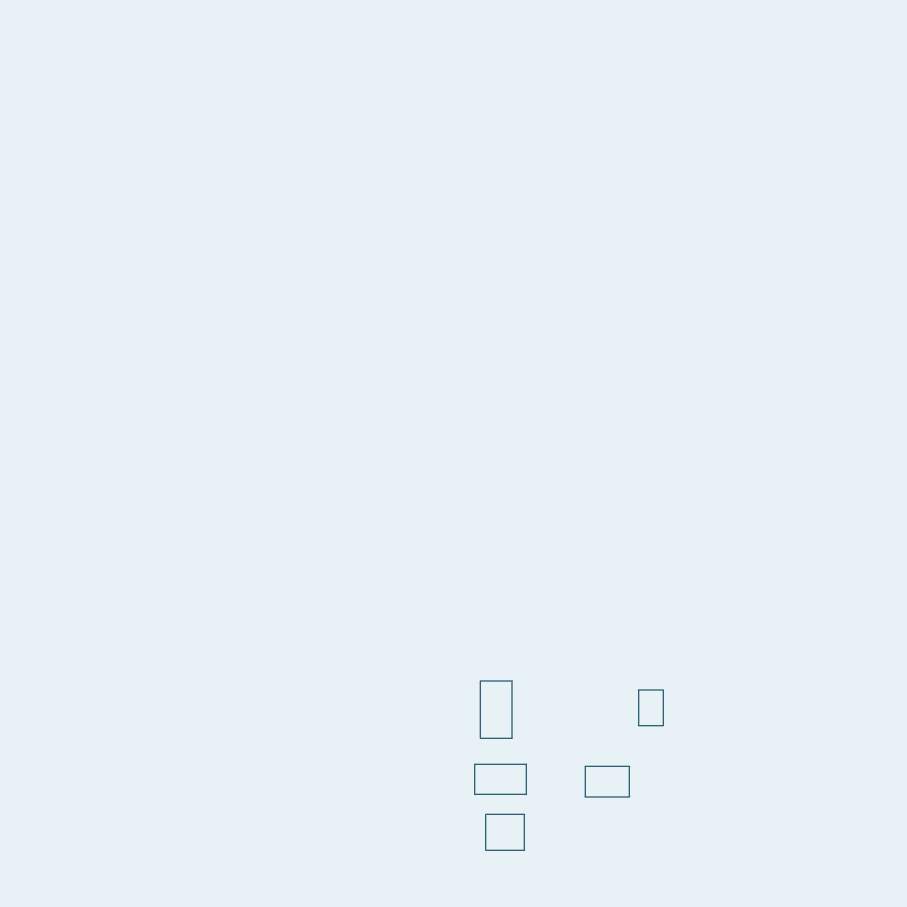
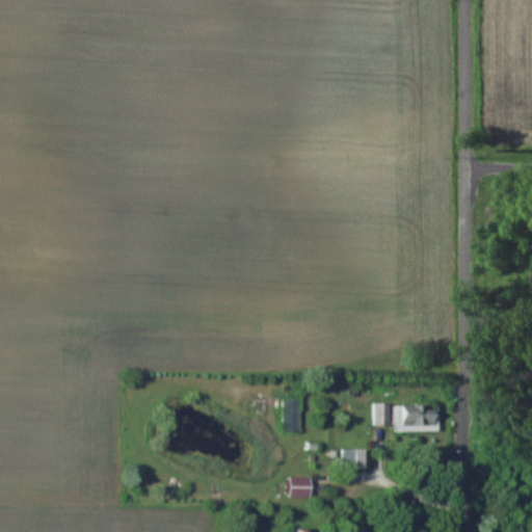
building: none -> [394,406,438,432]
building: [475,764,526,795] -> none

